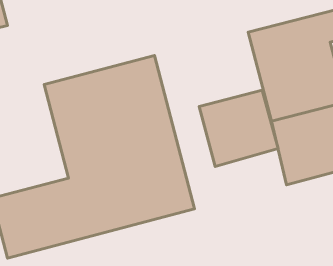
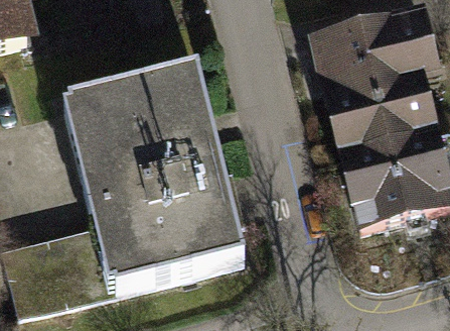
building: [199,90,278,166] -> none

